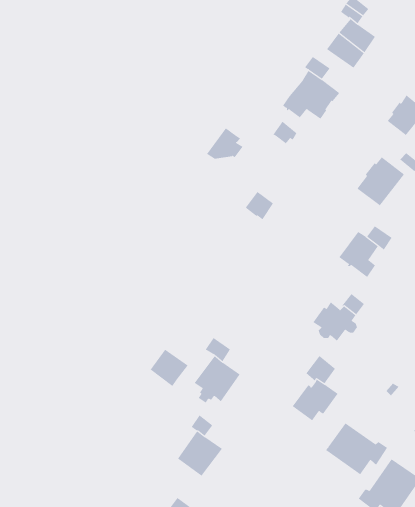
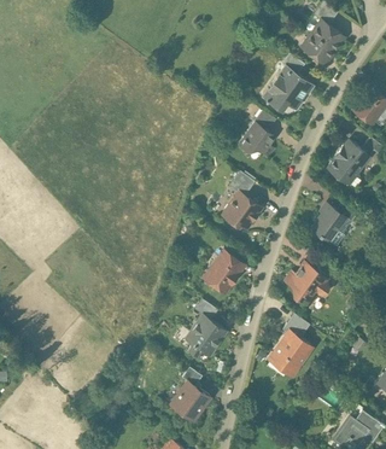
building: [206,128,244,159] -> [239,123,271,151]
building: none -> [223,193,261,229]
building: none -> [204,252,244,293]
building: [150,349,188,387] -> none
building: [325,422,388,475] -> none

